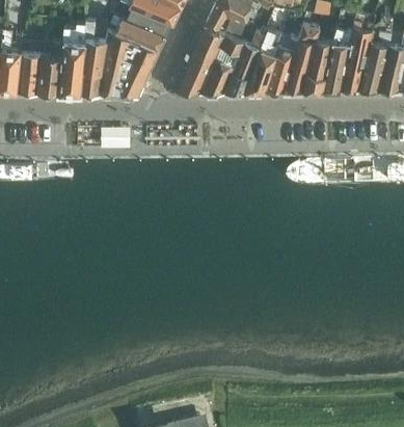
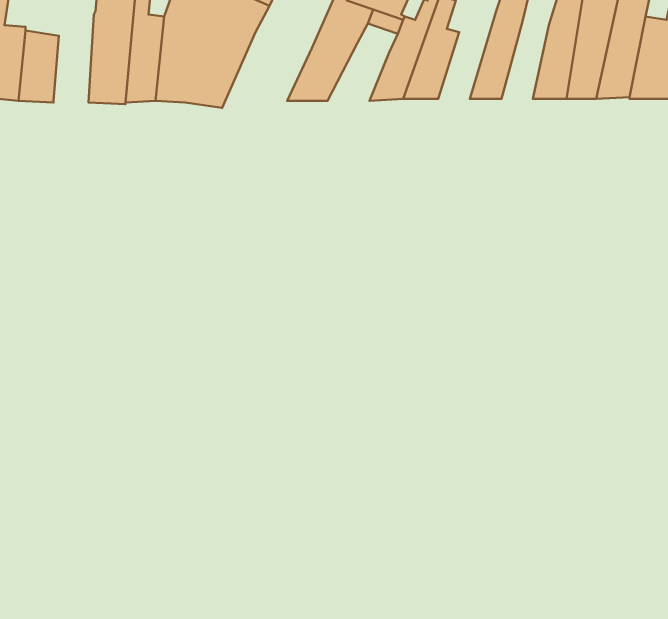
building: [265,38,299,92] -> none
building: [37,41,61,95] -> none
building: [302,47,330,92] -> none
building: [199,59,236,94] -> none

